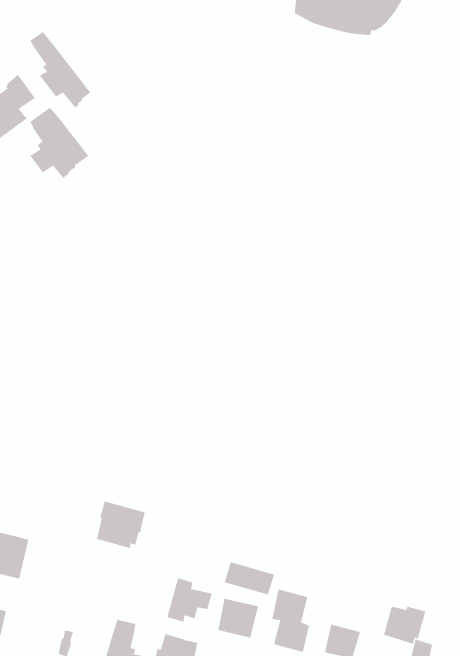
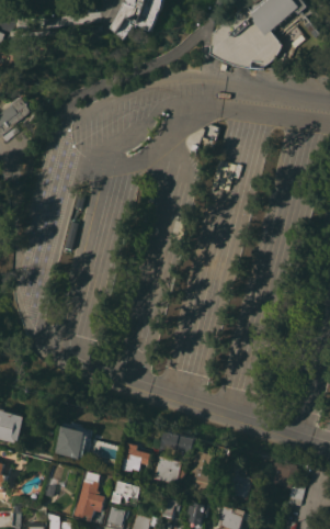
building: [29,31,91,109] -> none
building: [30,107,89,179] -> none
building: [96,501,145,549] -> [55,426,89,459]

